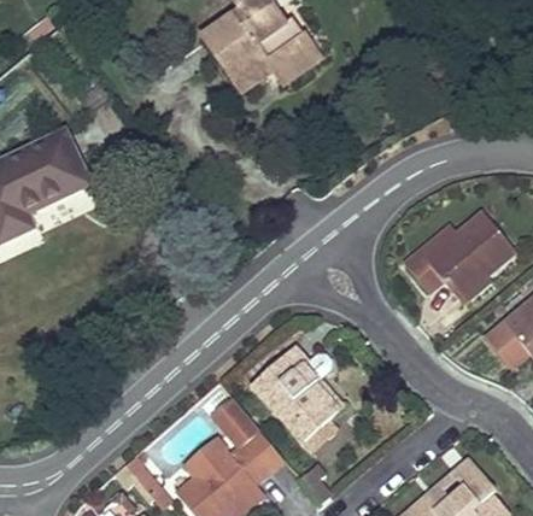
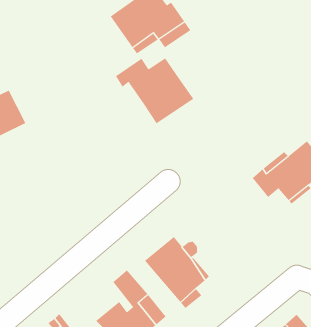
building: none -> [115,58,194,124]

